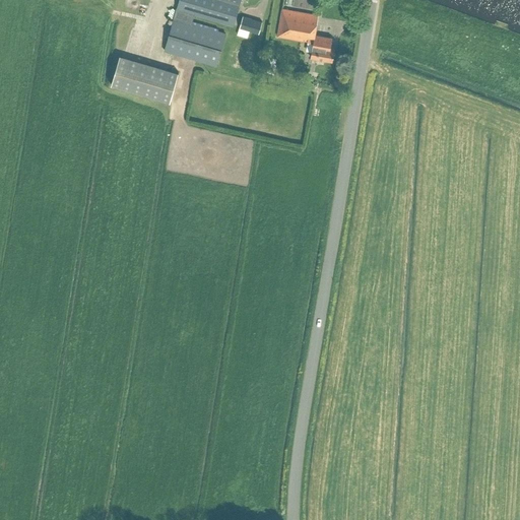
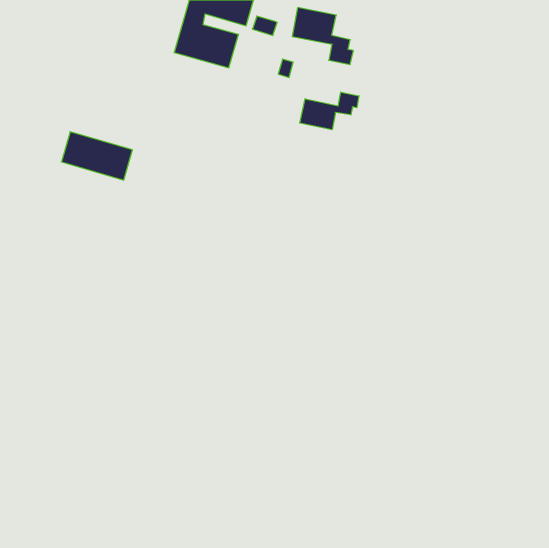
building: [112,56,179,102] -> [61,132,132,180]
building: none -> [300,92,359,130]

